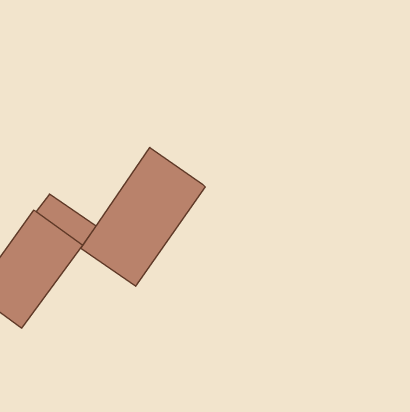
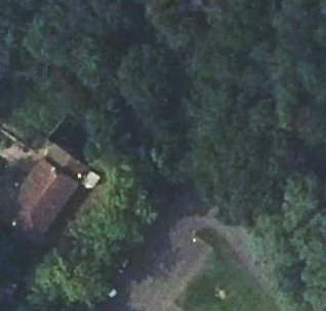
building: [81,147,205,286] -> none

